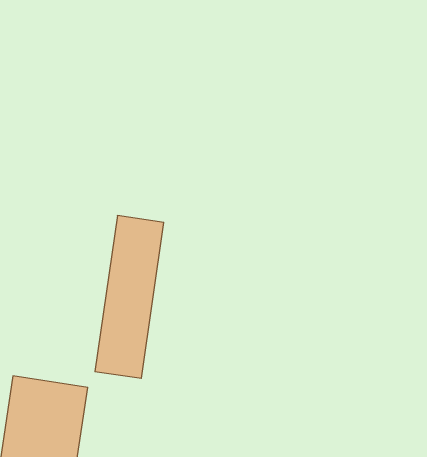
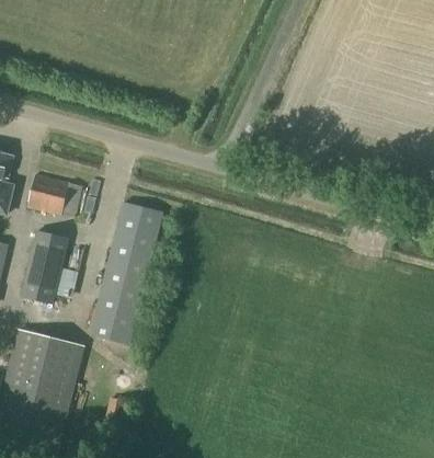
building: none -> [27,173,81,217]
building: none -> [22,230,69,302]

